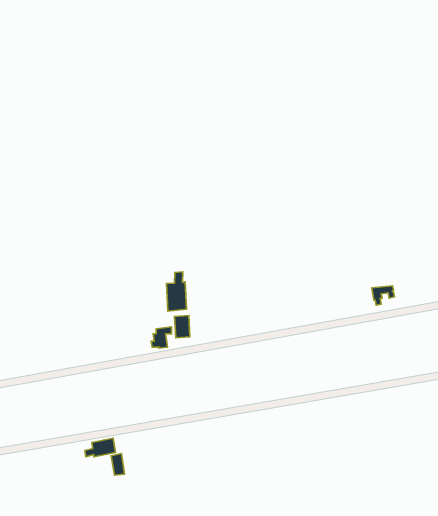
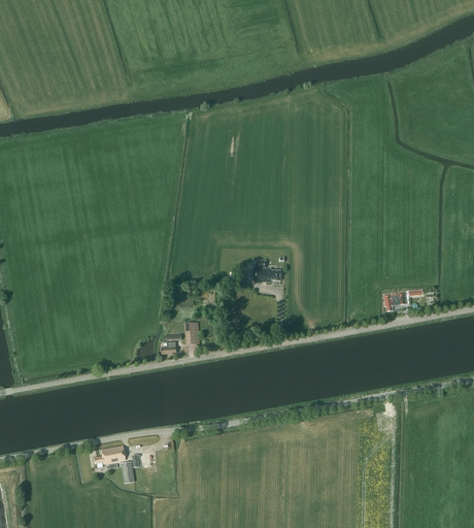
building: none -> [253,260,281,282]
building: [167,272,186,311] -> none

